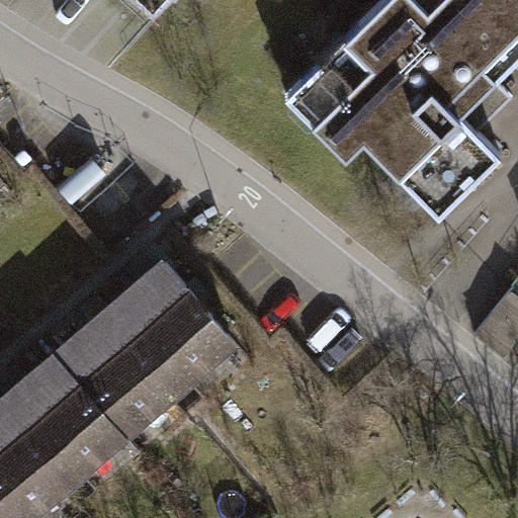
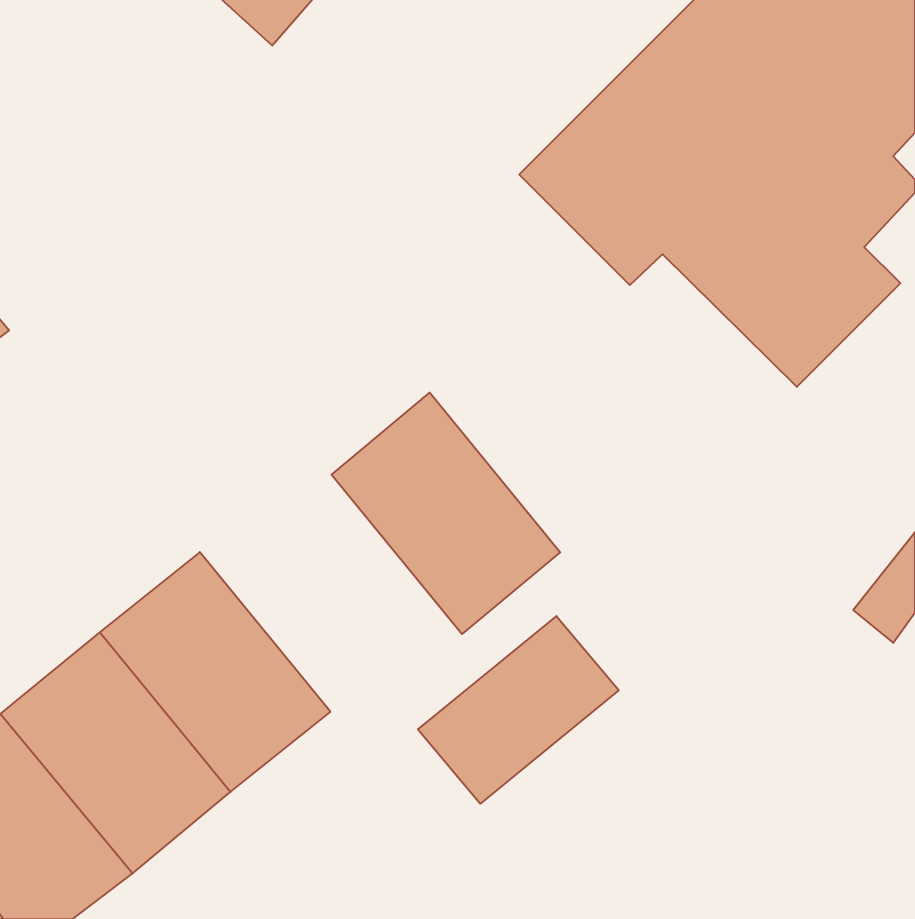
building: [111,262,239,397] -> [332,393,560,634]
building: none -> [418,616,619,804]

